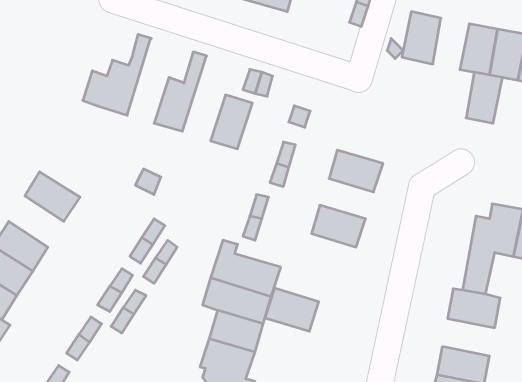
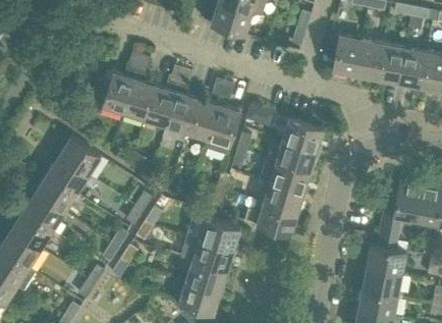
building: none -> [124,55,156,119]
building: none -> [163,68,199,142]
building: [466,72,502,123] -> [355,40,383,78]
building: none -> [205,104,240,155]
building: none -> [283,118,324,150]
building: none -> [58,137,101,175]
building: none -> [261,158,311,192]
building: none -> [35,174,76,213]
building: [265,288,319,331] -> [257,203,297,235]
building: none -> [363,267,402,295]

